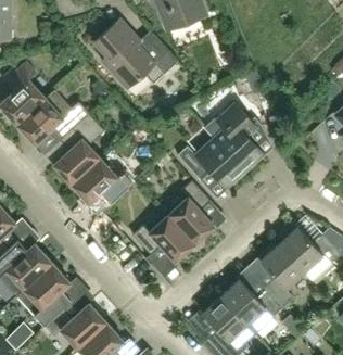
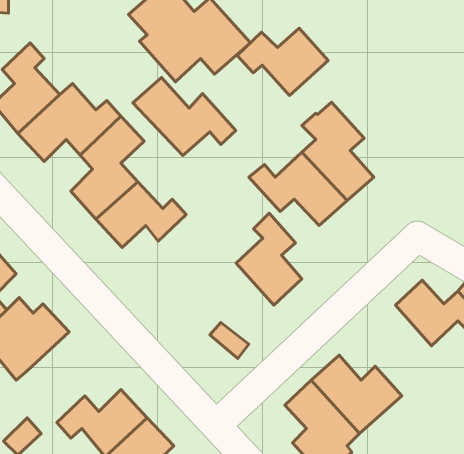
building: none -> [237,28,328,96]
building: none -> [133,78,236,156]
building: [132,215,194,262] -> none
building: [259,244,304,307] -> none
building: [15,263,69,326] -> none

